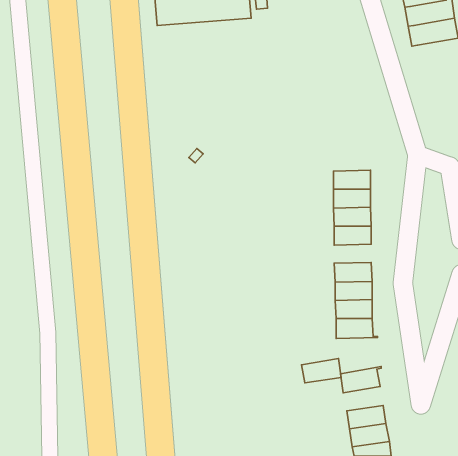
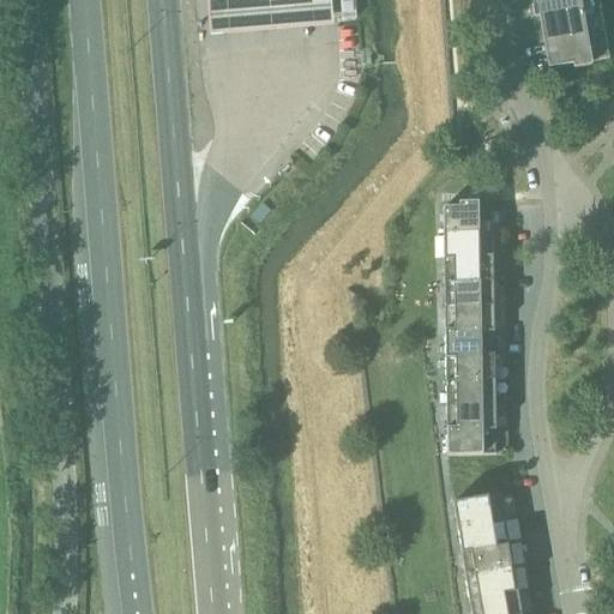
building: none -> [446,199,501,227]
building: none -> [449,324,498,349]
building: [301,358,341,383] -> [460,512,513,544]

